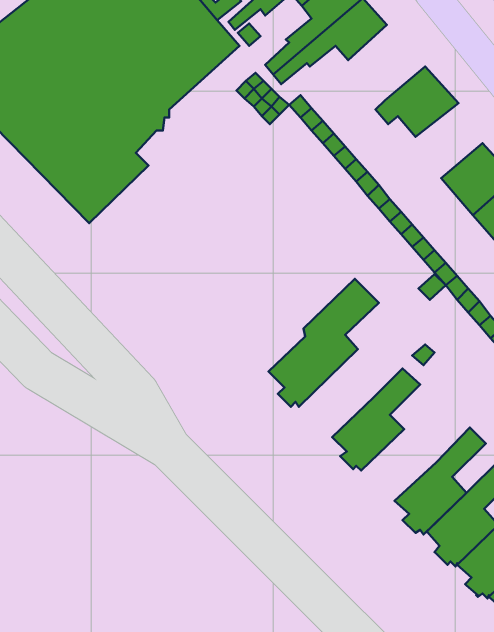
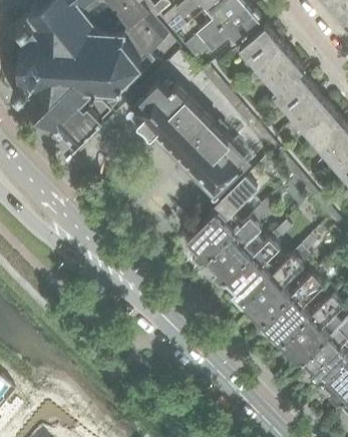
building: none -> [239,26,283,71]
building: none -> [273,76,319,120]
building: none -> [124,84,247,199]
building: none -> [204,203,273,284]
building: none -> [243,240,313,324]

